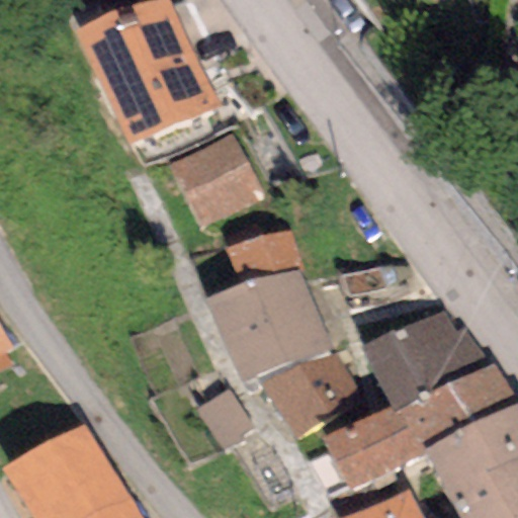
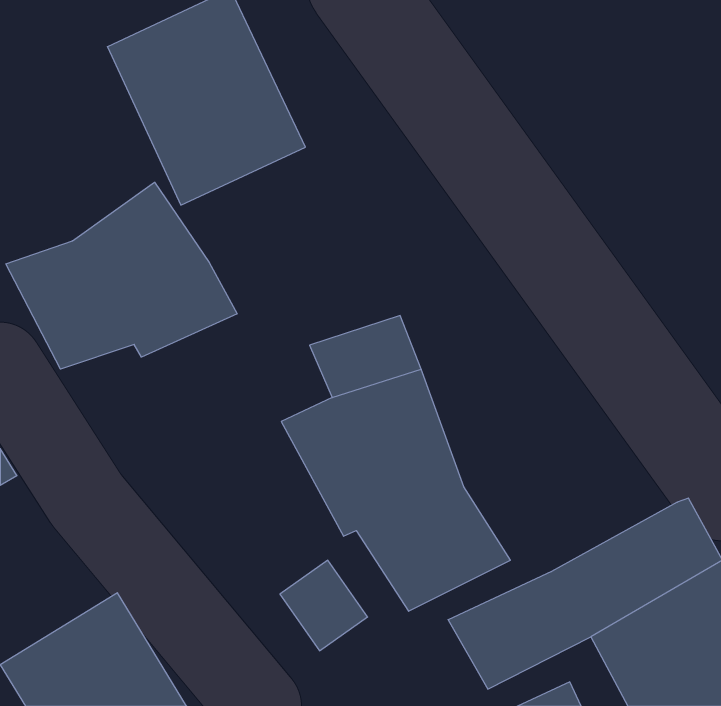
building: [168,126,263,222] -> none
building: none -> [6,182,237,369]
building: [362,303,486,409] -> none

